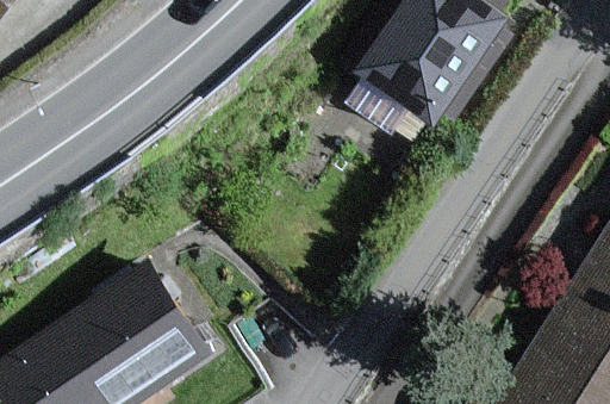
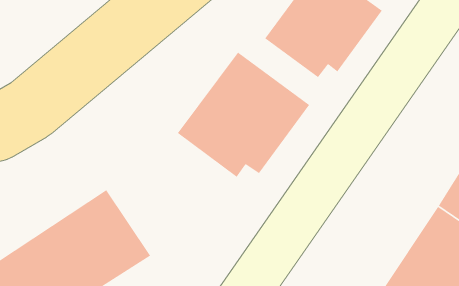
building: none -> [177,52,310,178]

